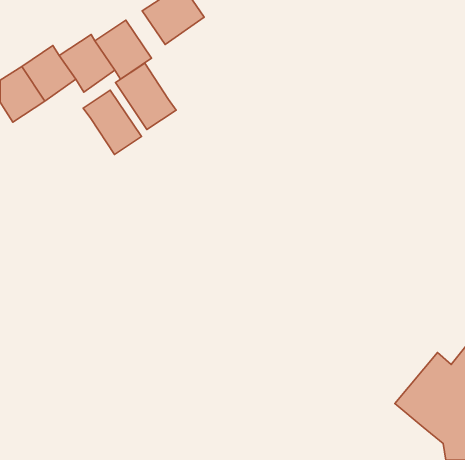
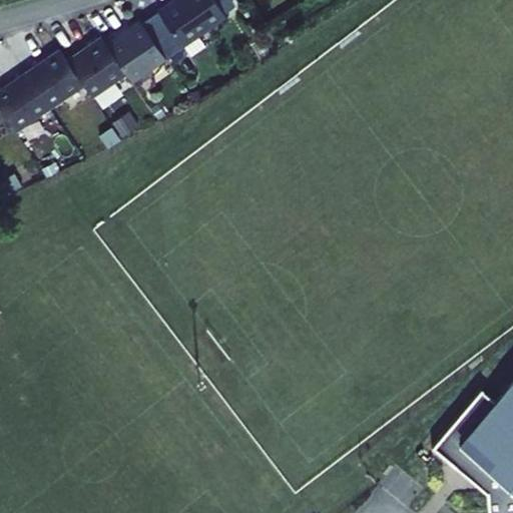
building: [115,63,176,129] -> none
building: [83,90,142,154] -> none

